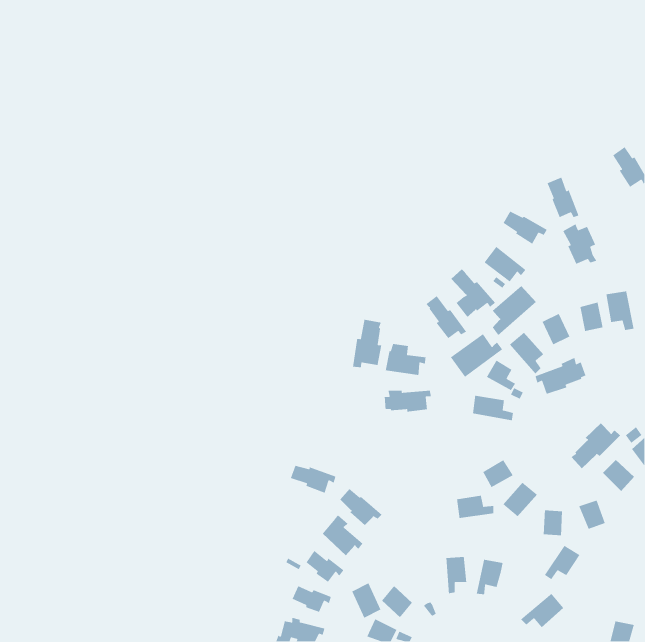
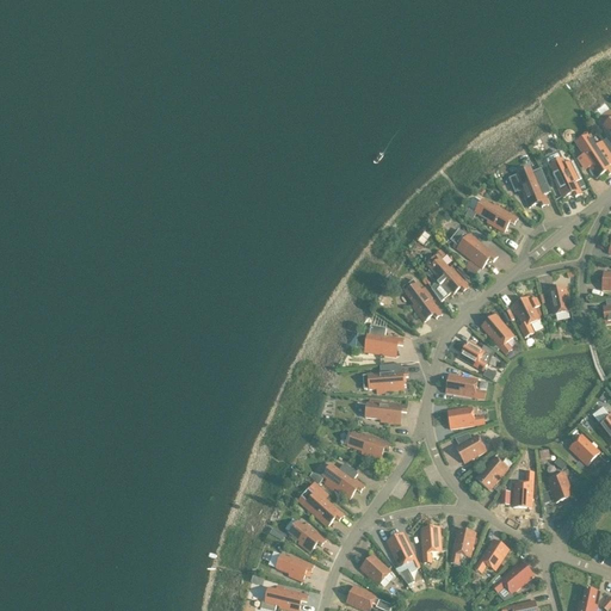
building: [562,223,597,265] -> [549,158,582,197]
building: [492,285,537,336] -> none
building: [606,291,635,331] -> none
building: [352,319,382,368] -> none
building: [450,333,503,378] -> none
building: [534,357,587,395] -> none
building: none -> [365,397,407,424]
building: [570,423,621,469] -> none
building: [290,465,337,494] -> [347,432,391,459]
building: [456,495,494,519] -> [448,406,483,428]
building: [544,545,580,580] -> [474,539,508,573]
building: [351,582,381,619] -> [387,532,415,567]

